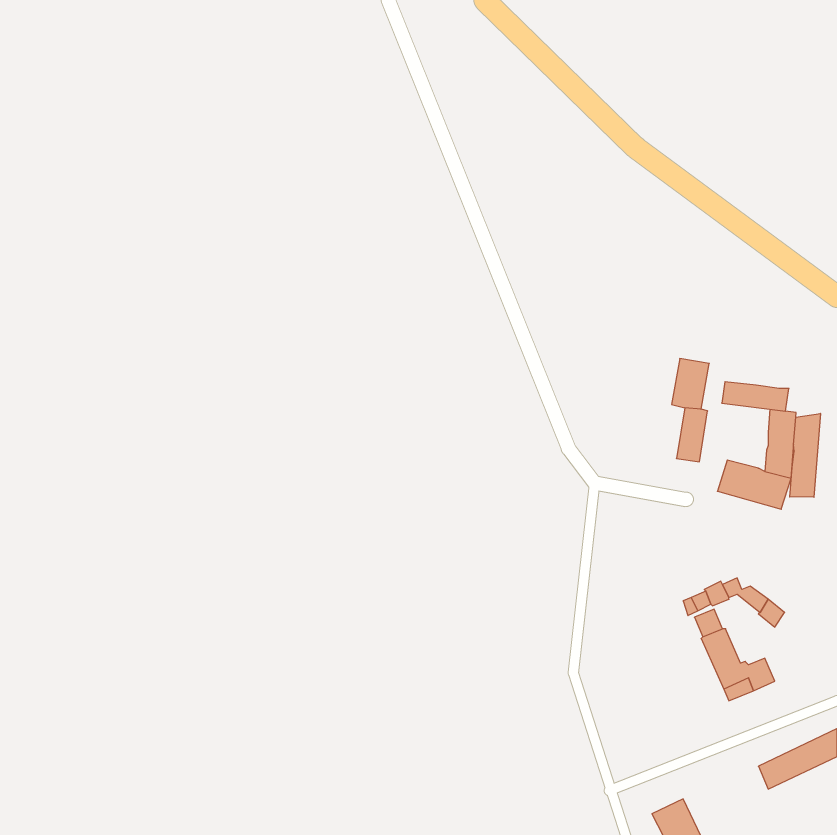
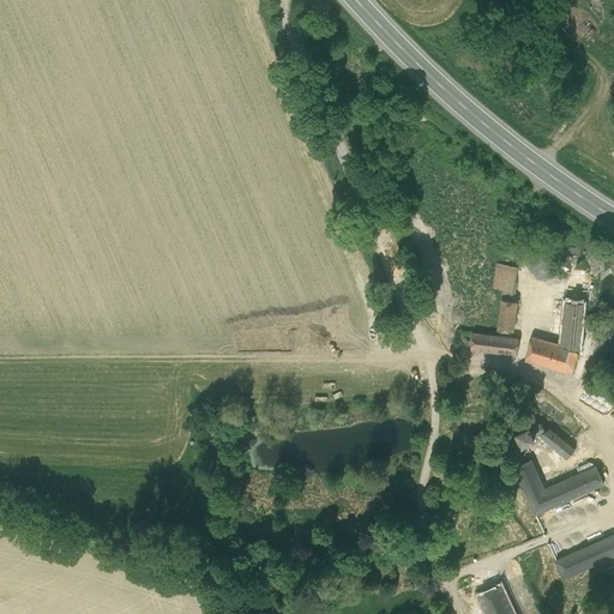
building: [722,382,789,411] -> [470,335,519,356]
building: [790,413,820,497] -> none
building: none -> [560,464,603,500]

